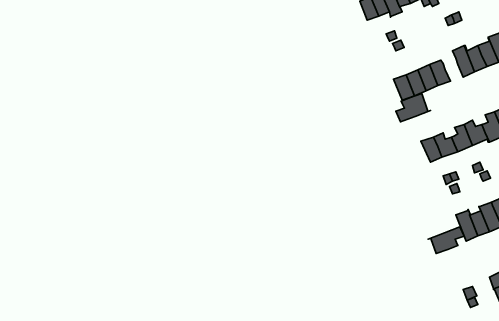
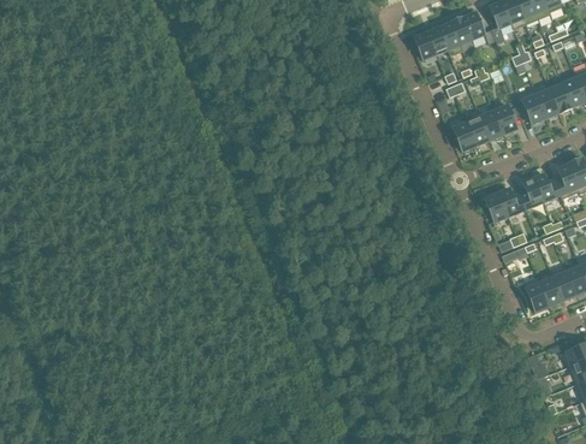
building: [396,94,431,122] -> none
building: [428,227,464,254] -> none

